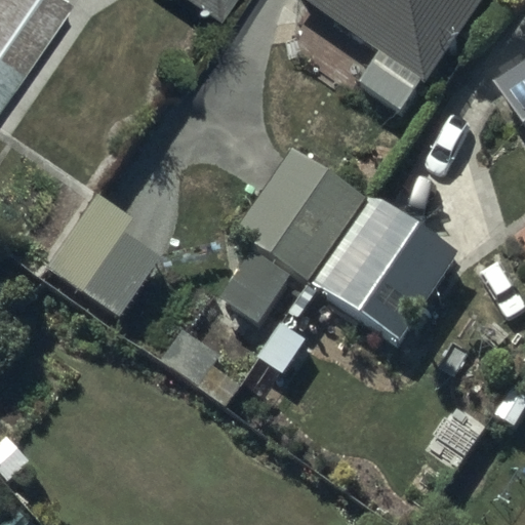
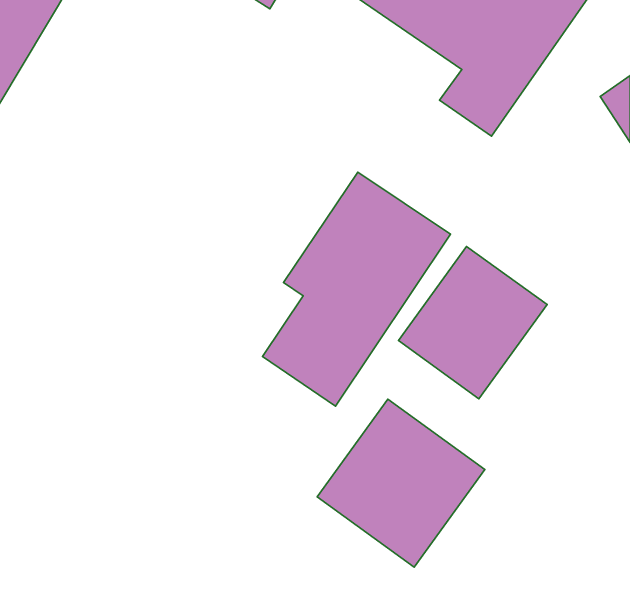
building: none -> [317,399,485,567]

